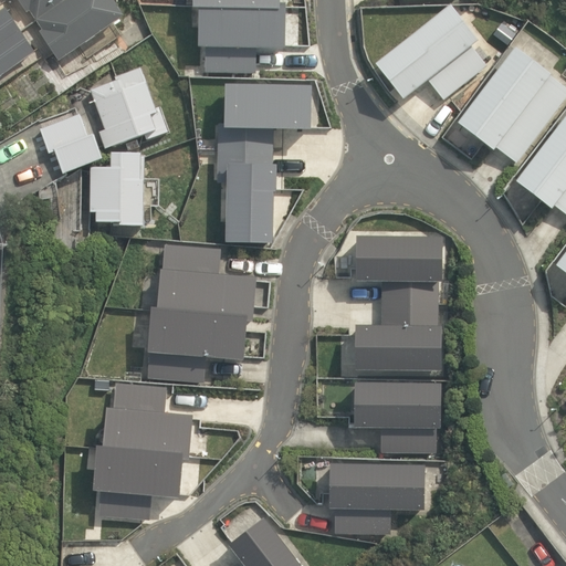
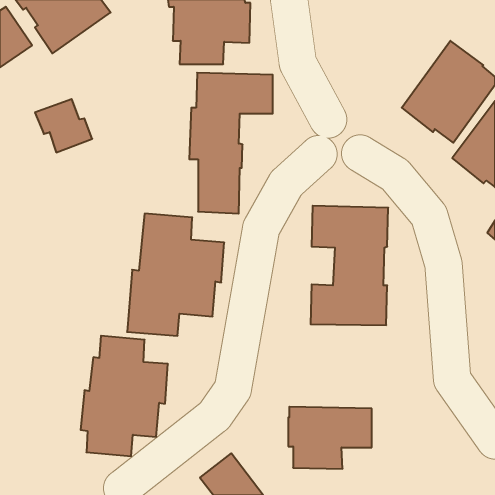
building: [375,4,485,101] -> none
building: [91,67,169,149] -> none
building: [91,151,146,226] -> none
building: [353,381,440,452] -> none

